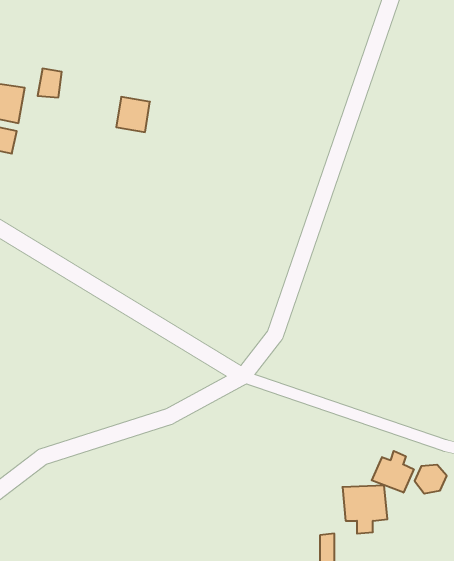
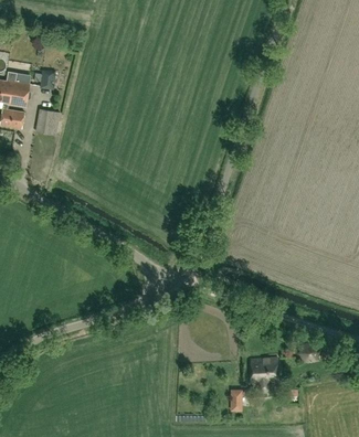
building: [116,97,150,132] -> [34,109,57,134]
building: [372,451,414,493] -> none

